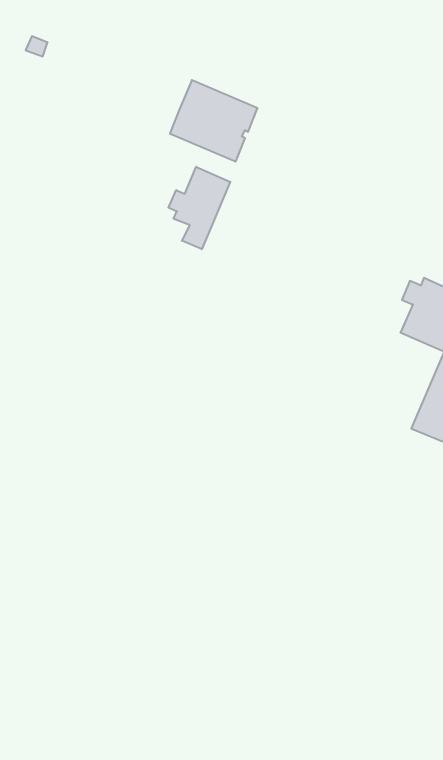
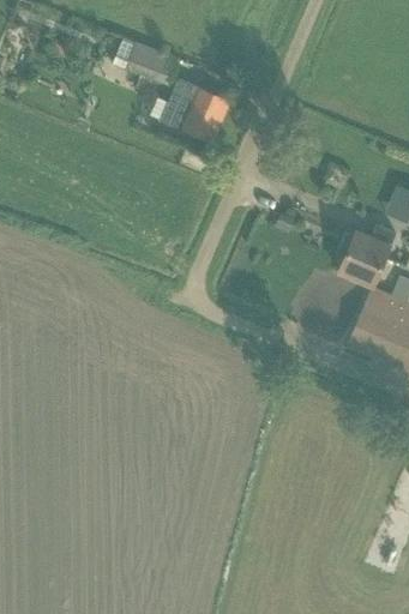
building: none -> [127,43,178,83]
building: [168,167,230,249] -> none

